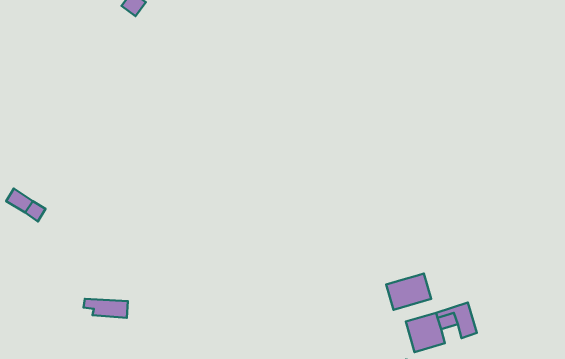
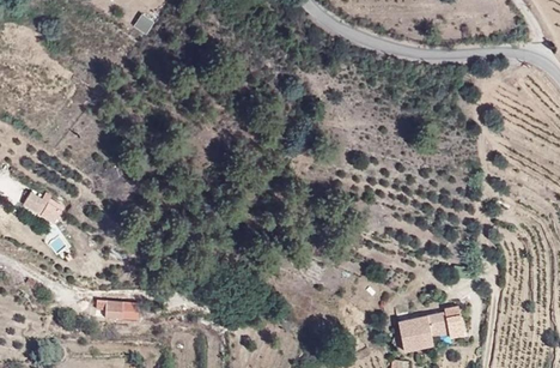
building: [386,274,431,310] -> none

